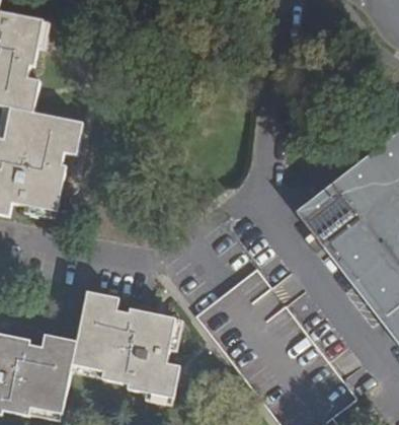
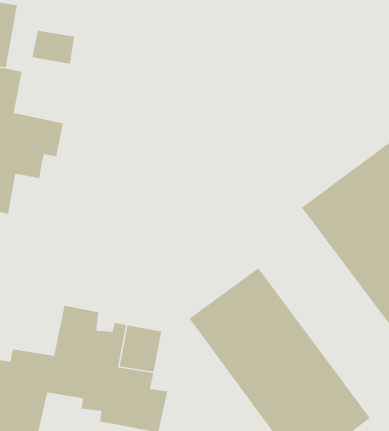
building: none -> [31,30,75,65]
building: [35,168,72,217] -> none

